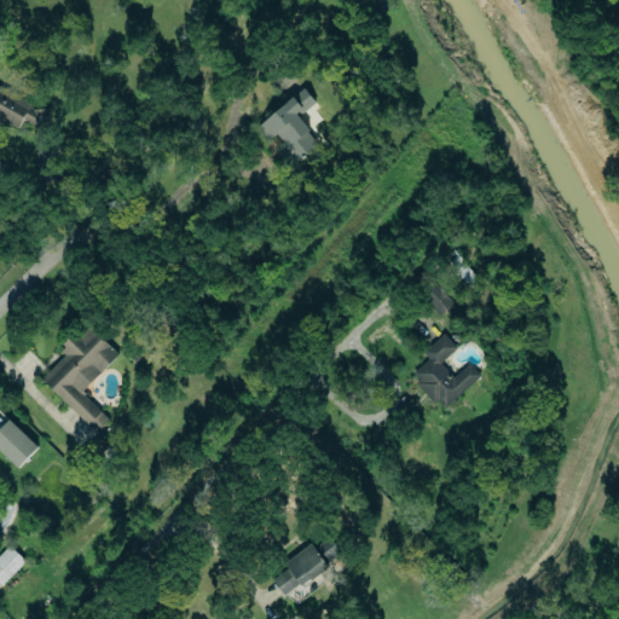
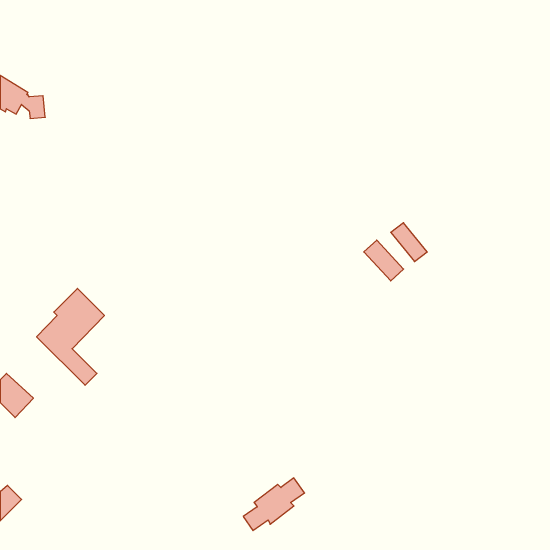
building: [258,87,322,162] -> none
building: [413,332,481,407] -> none

